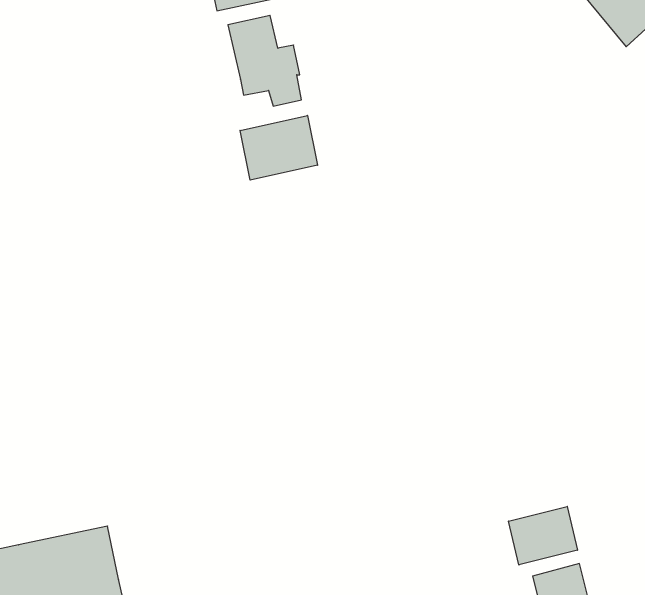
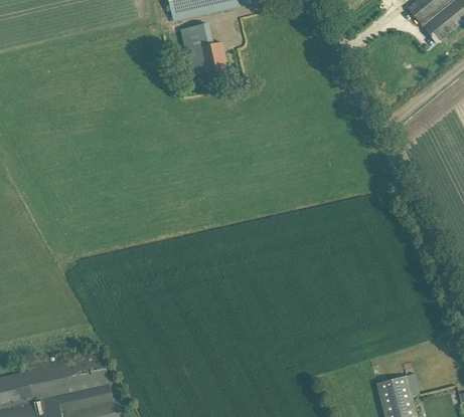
building: [240,115,318,180] -> none
building: [509,506,577,565] -> none

